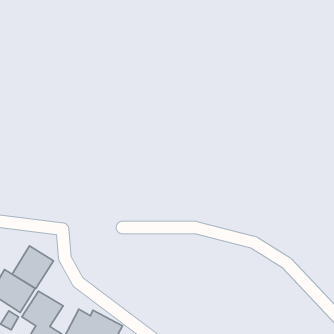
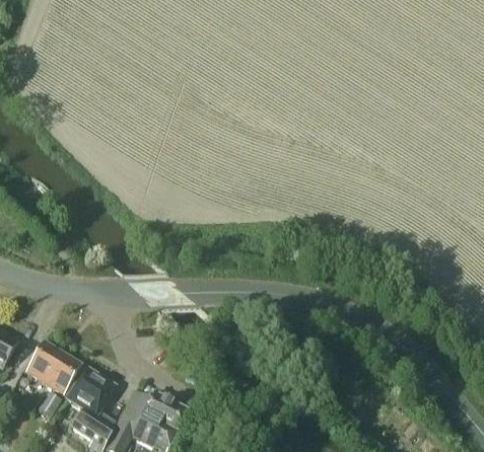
building: [12,246,54,288] -> none

